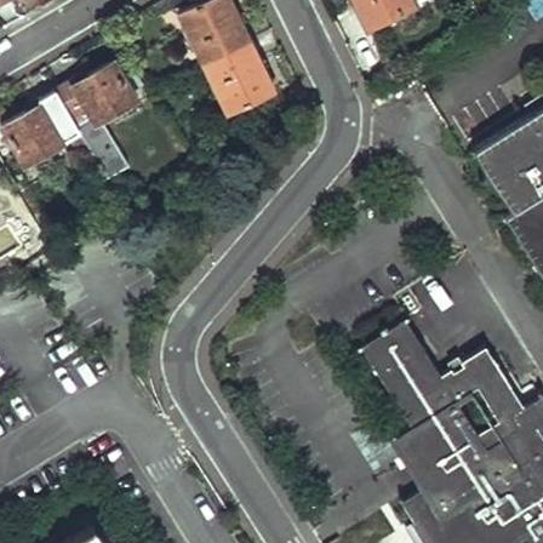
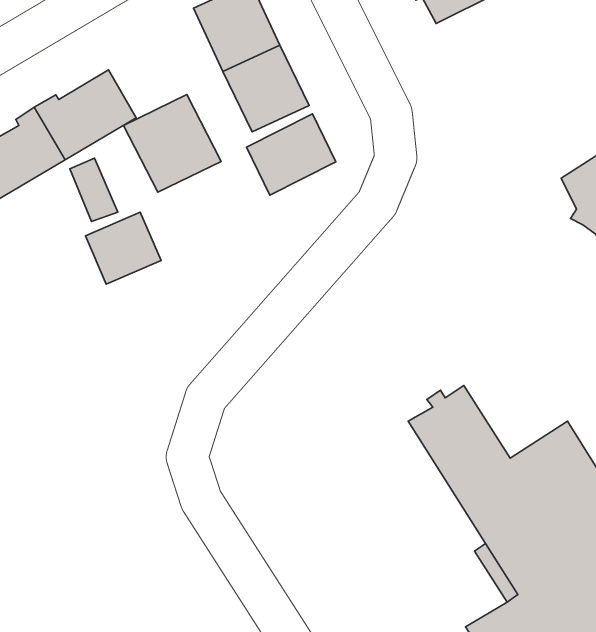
building: none -> [124,94,221,192]
building: none -> [247,114,336,195]
building: none -> [85,212,161,284]

